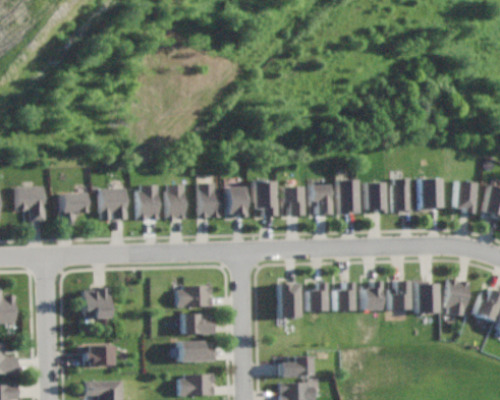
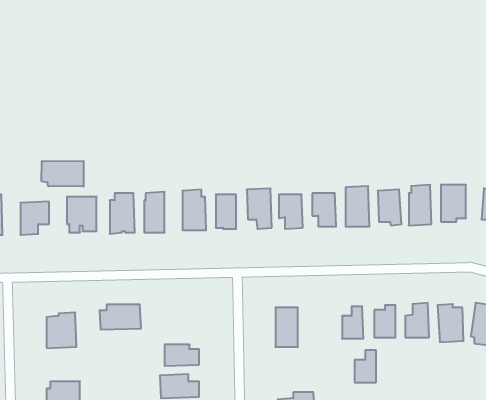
building: none -> [42,161,84,187]
building: [308,282,326,309] -> [355,350,376,382]
building: [176,285,212,306] -> [99,305,141,330]

